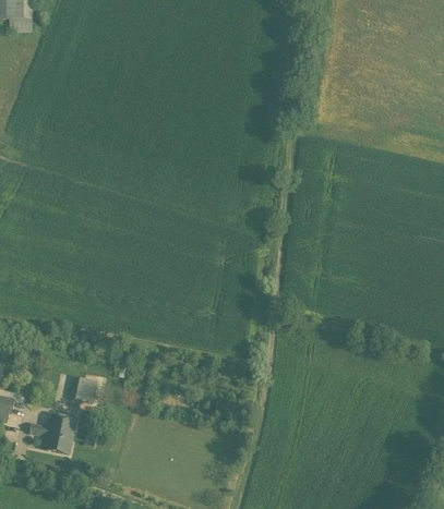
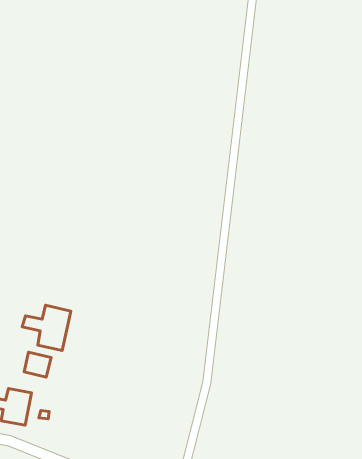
building: none -> [22,305,71,351]

